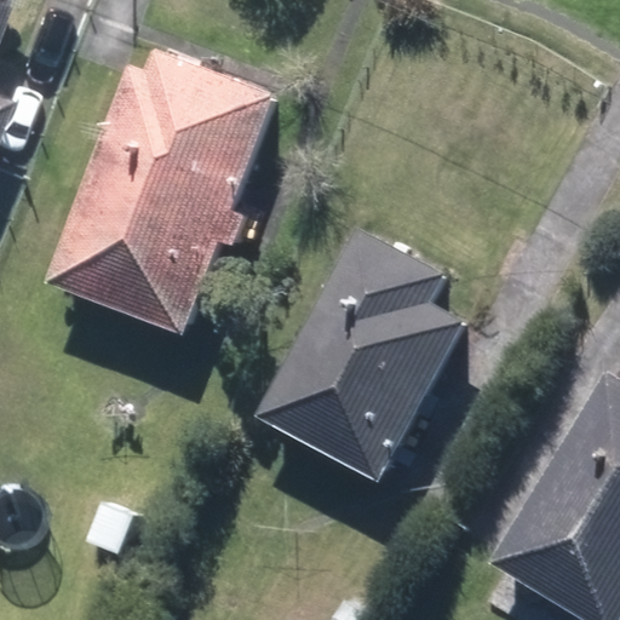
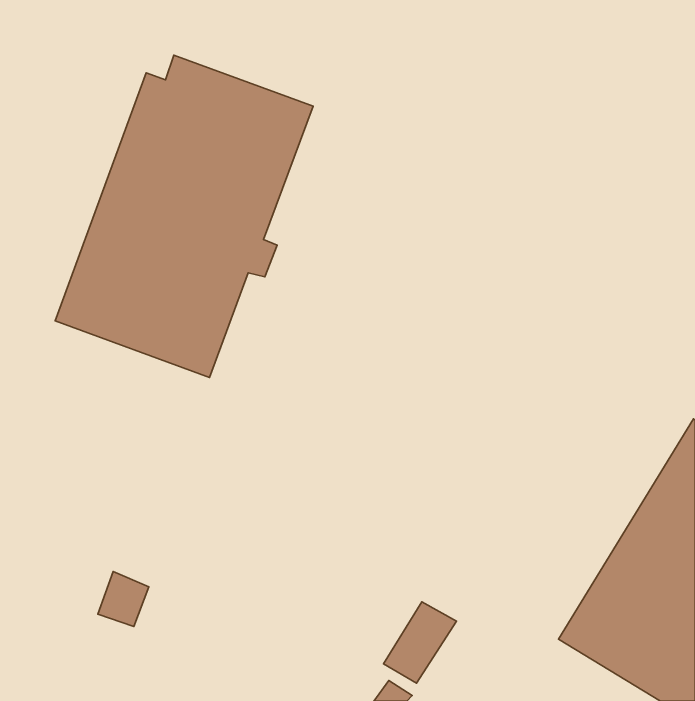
building: [257,228,465,481] -> none

